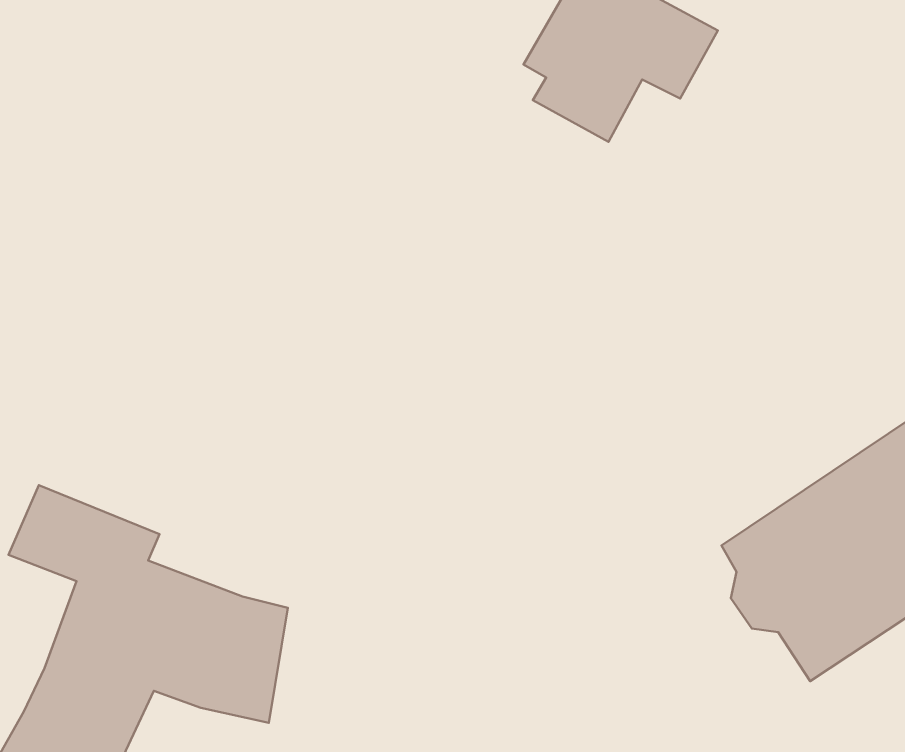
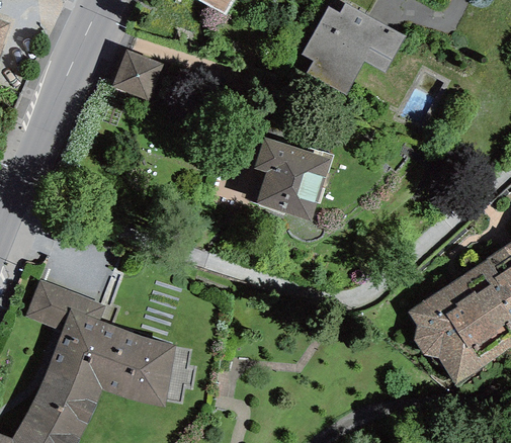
building: none -> [111,49,164,101]
building: none -> [255,137,331,222]

